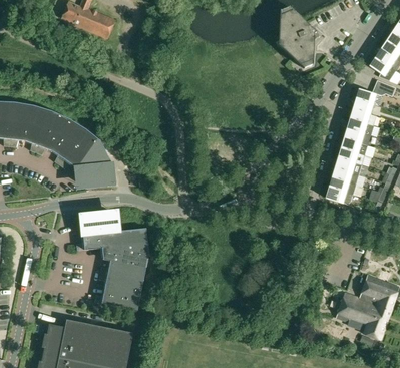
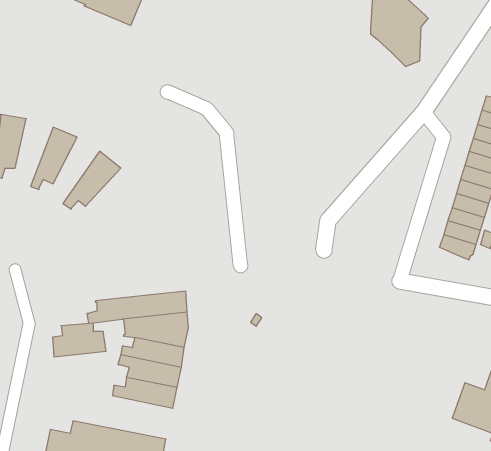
building: [24,104,51,152] -> none
building: [51,117,84,164] -> none
building: [74,139,112,188] -> none
building: [80,210,118,234] -> [53,323,106,357]

